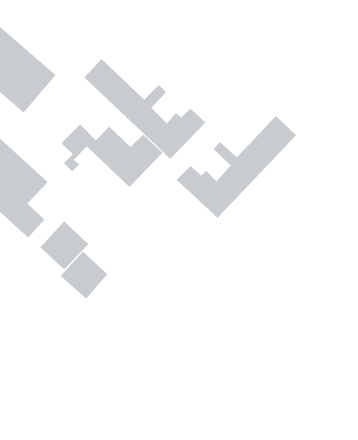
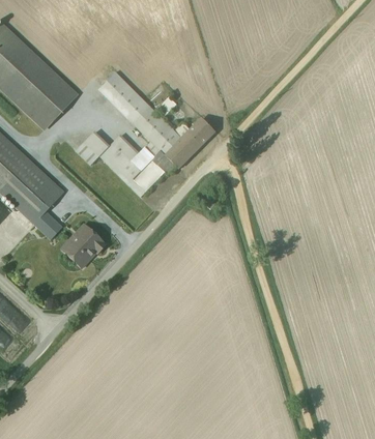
building: [176,115,297,219] -> none
building: [60,251,108,299] -> none

